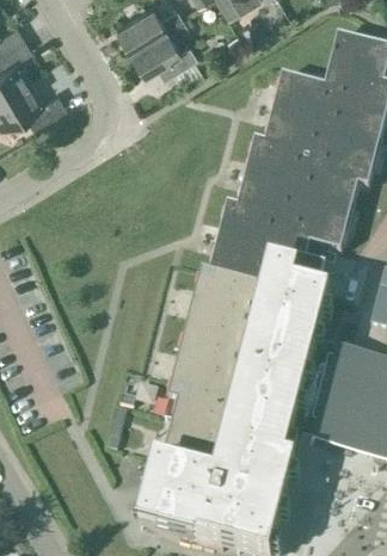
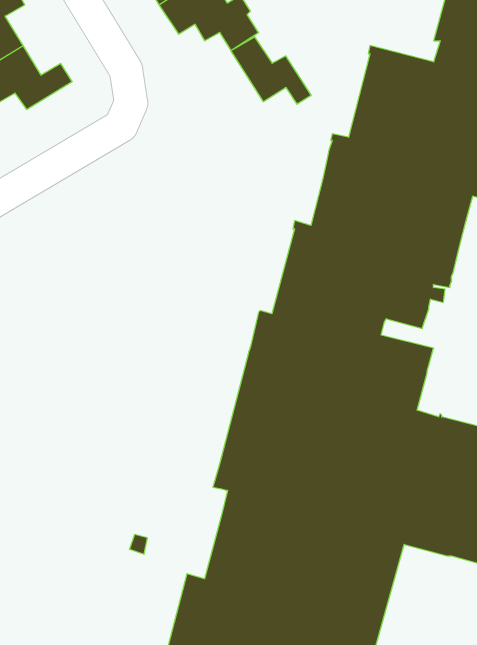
building: none -> [231,37,311,104]

